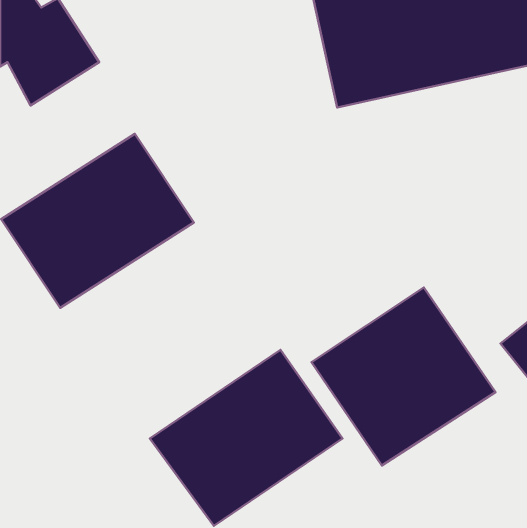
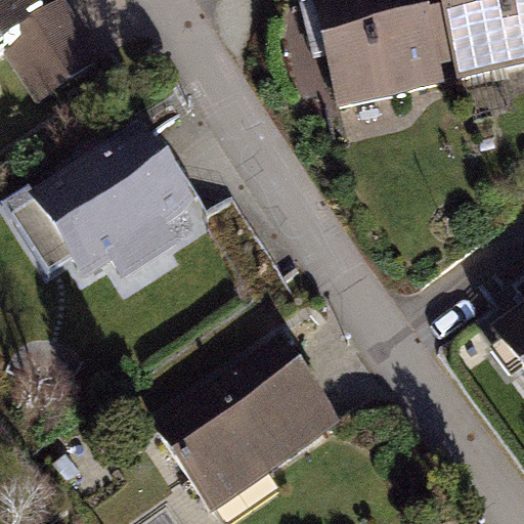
building: [312,287,496,465] -> none

